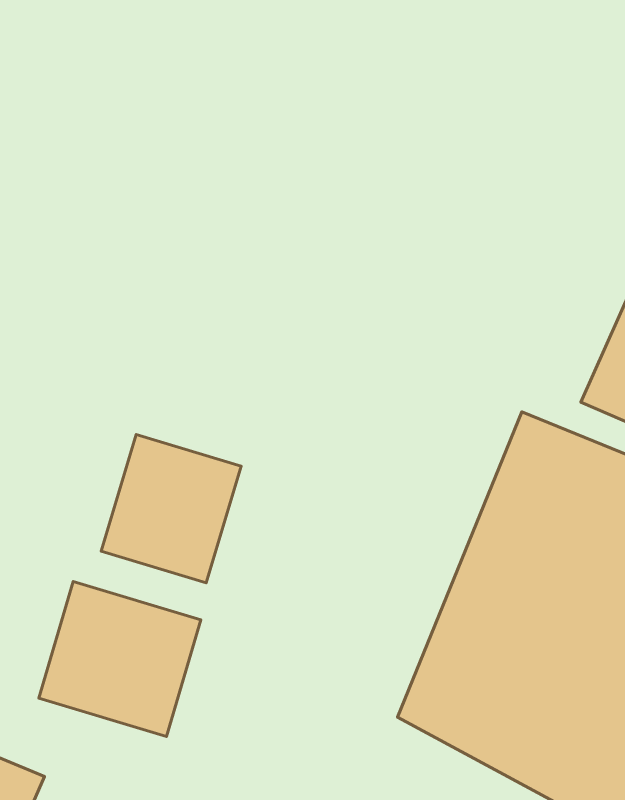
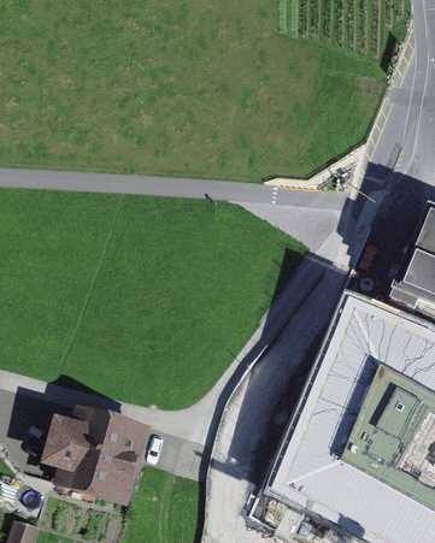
building: [101,434,241,583] -> none

